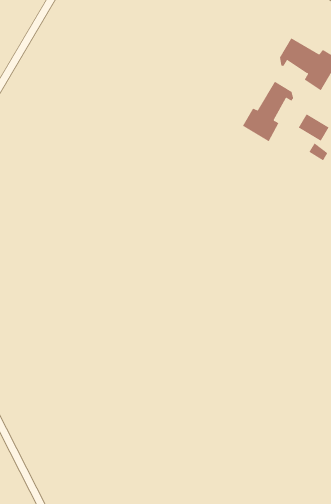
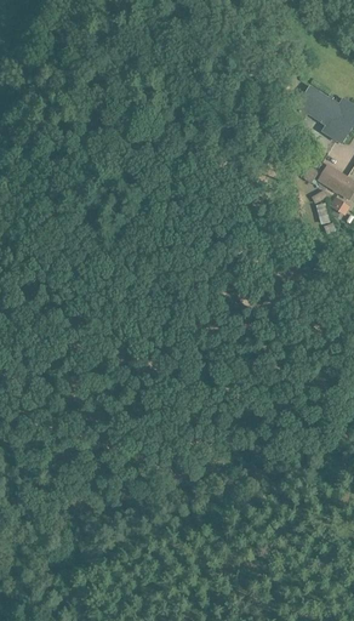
building: [242,81,294,142] -> none

